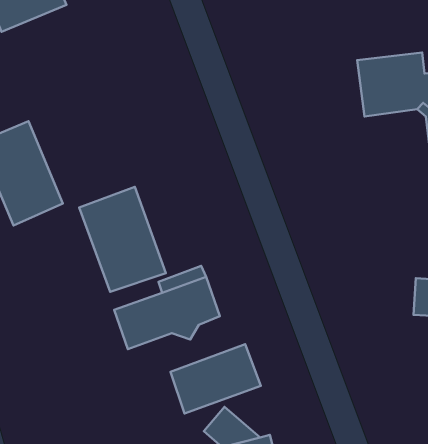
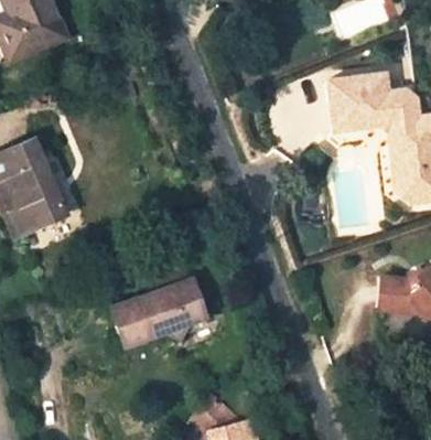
building: [79,187,166,292] -> none
building: [171,344,261,413] -> none

